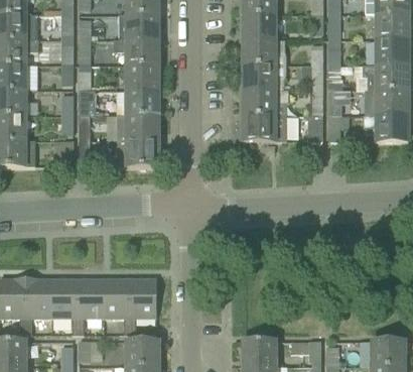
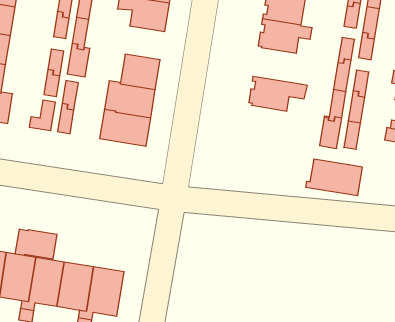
building: [126,65,157,90] -> none
building: [240,65,282,91] -> none
building: [240,116,286,141] -> [306,159,362,196]
building: none -> [15,229,57,259]

